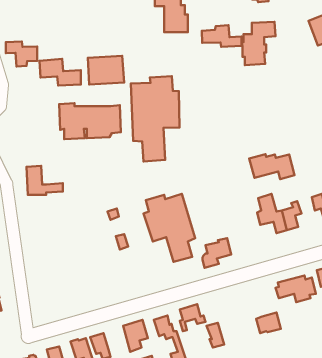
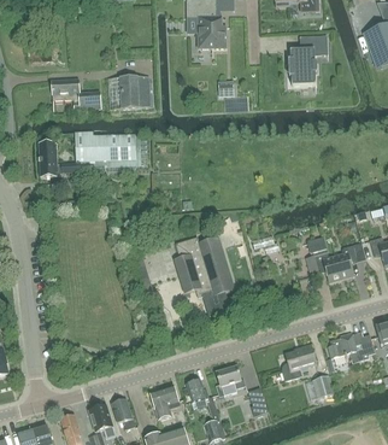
building: [202,25,242,47] -> none
building: [6,42,37,67] -> none
building: [131,76,179,161] -> none
building: [249,154,295,179] -> none
building: [27,166,63,195] -> [39,142,81,176]
building: [202,238,231,268] -> [282,345,316,380]

